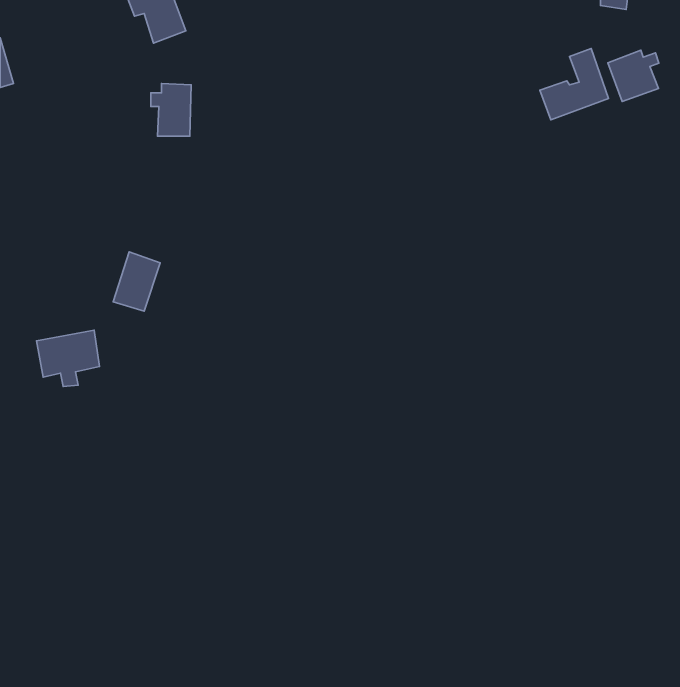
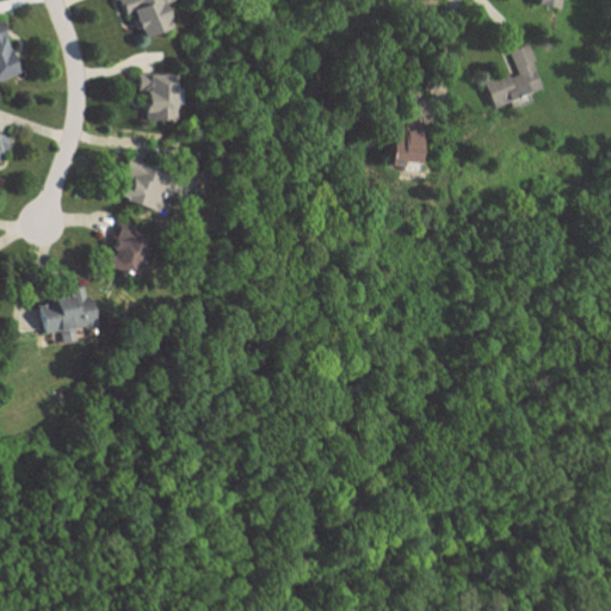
building: [608,50,659,101] -> none
building: none -> [391,130,424,168]
building: none -> [118,158,178,214]

